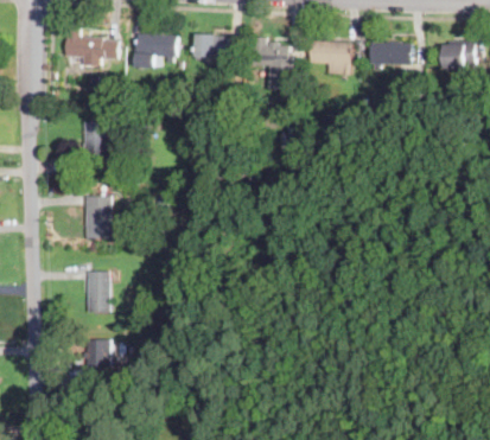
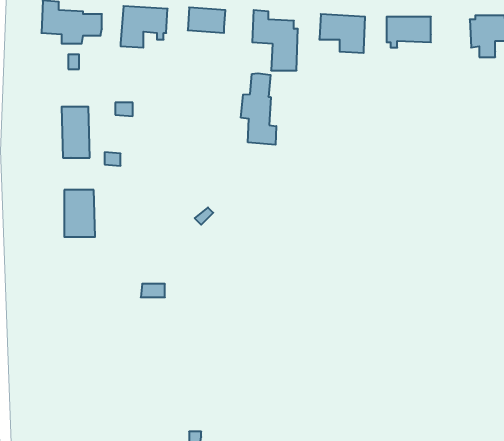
building: none -> [241,73,276,145]
building: [87,270,109,311] -> none
building: [87,338,110,365] -> none

